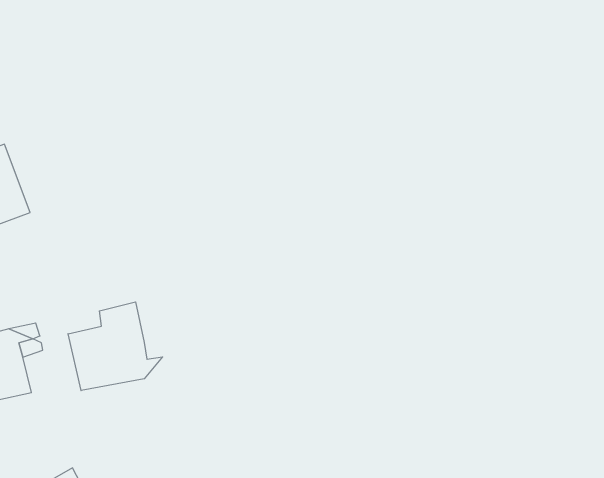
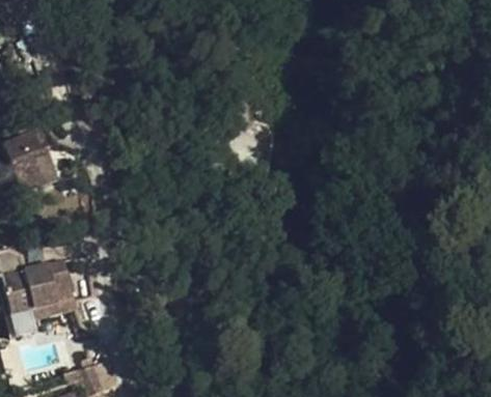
building: [68,302,163,391] -> none

